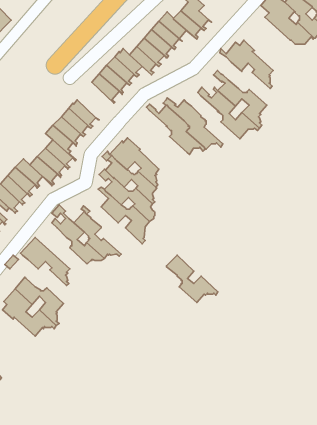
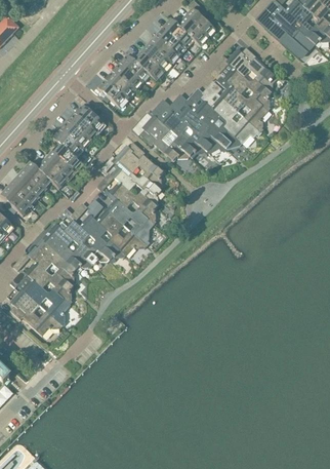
building: none -> [223,68,272,110]
building: none -> [184,96,242,148]
building: none -> [139,115,191,161]
building: none -> [42,224,92,270]
building: [167,255,218,302] -> [96,209,147,256]
building: none -> [26,261,73,304]

